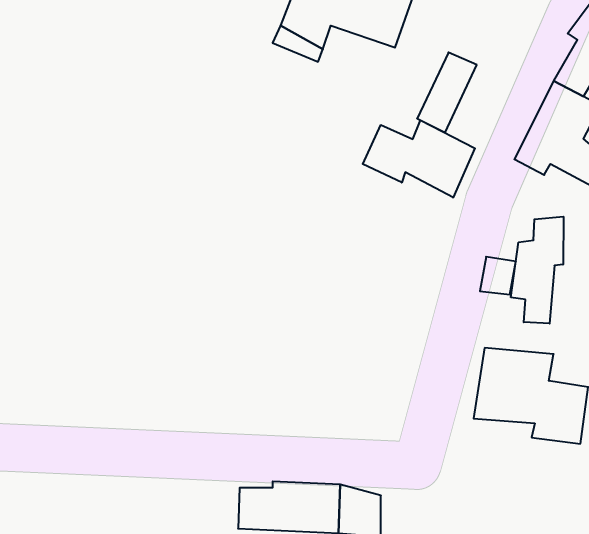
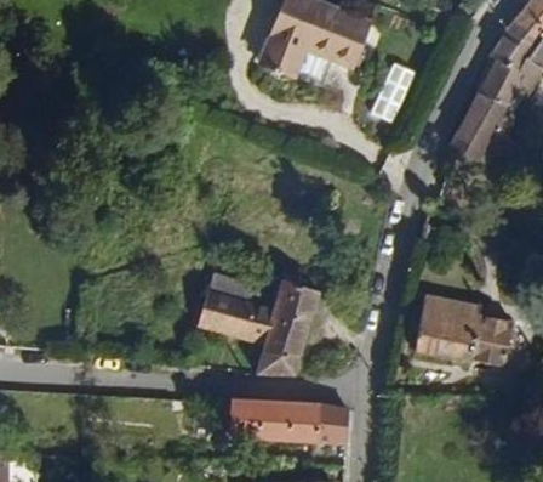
building: [363,120,475,198] -> none
building: [511,217,563,324] -> none
building: none -> [201,267,324,376]

